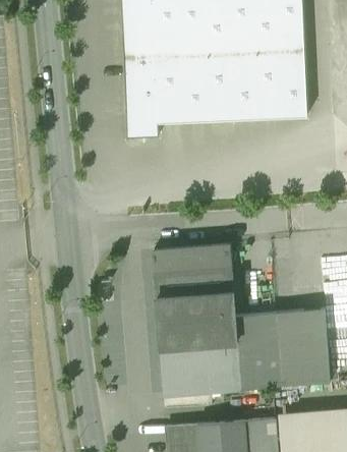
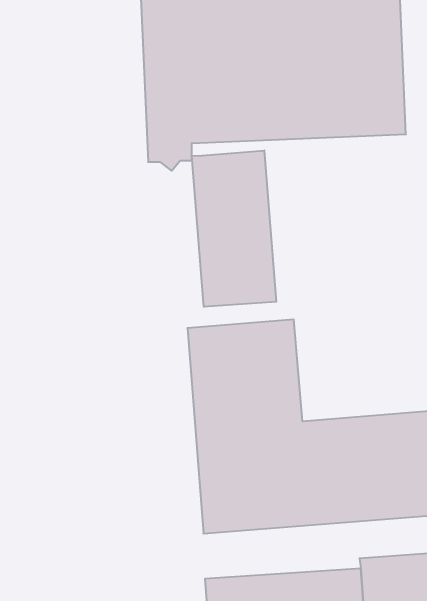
building: none -> [192,150,276,307]

